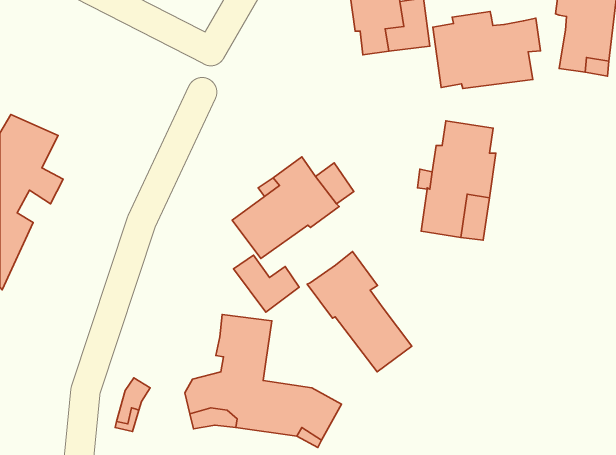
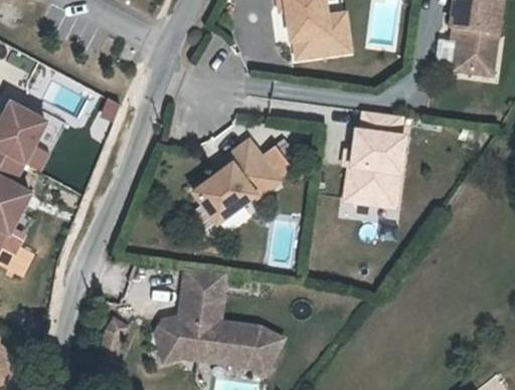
building: [433,11,541,89] -> none
building: [307,252,412,372] -> none
building: [234,255,299,312] -> none

